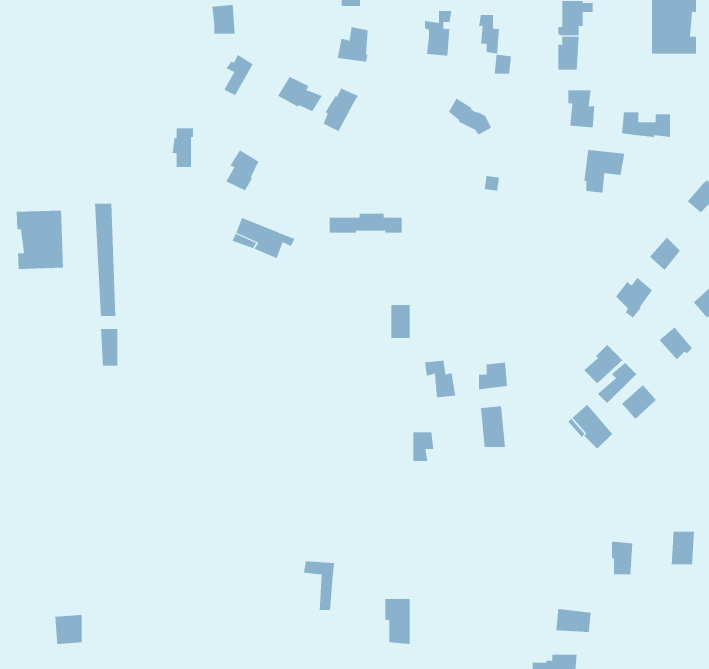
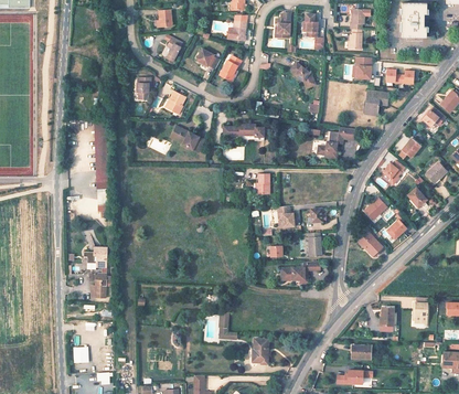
building: [16,210,63,270] -> none
building: none -> [318,126,356,157]
building: none -> [83,247,106,297]
building: none -> [285,260,320,284]

